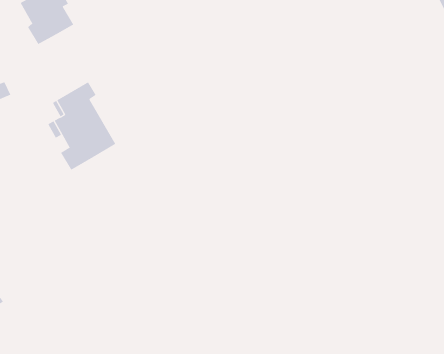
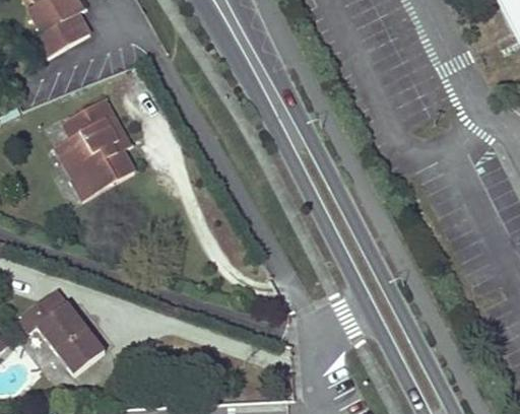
building: none -> [15,290,105,377]

